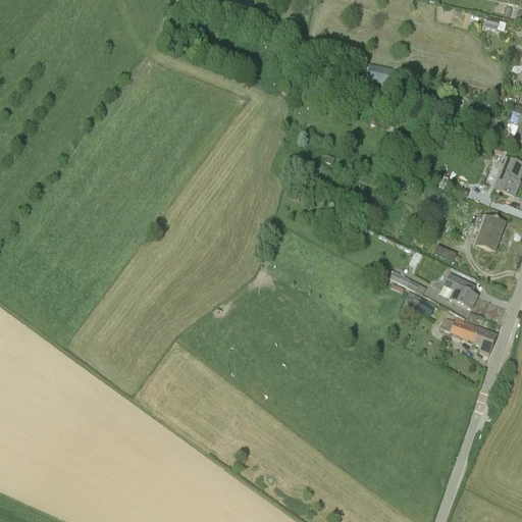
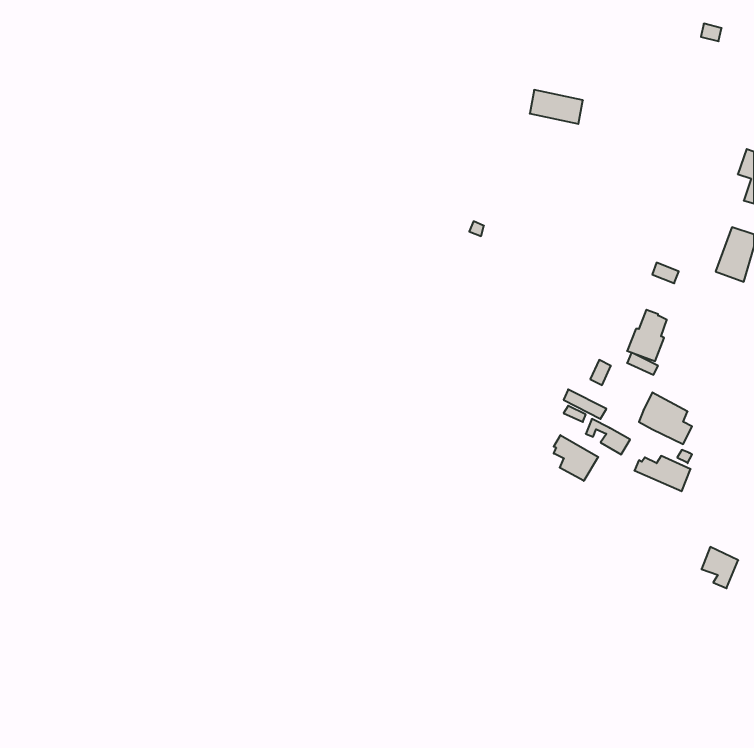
building: [475,214,503,250] -> [627,310,667,361]
building: none -> [554,435,598,481]
building: [471,324,497,353] -> [701,547,738,588]

